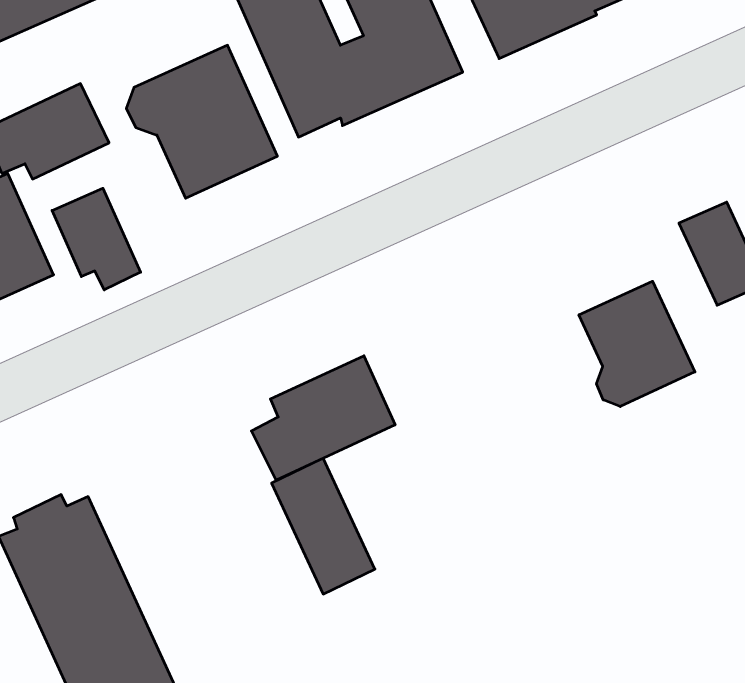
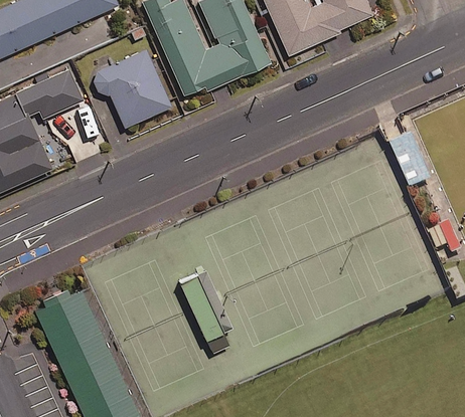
building: [52,188,141,290] -> none
building: [579,281,695,407] -> none
building: [251,356,395,480] -> none

